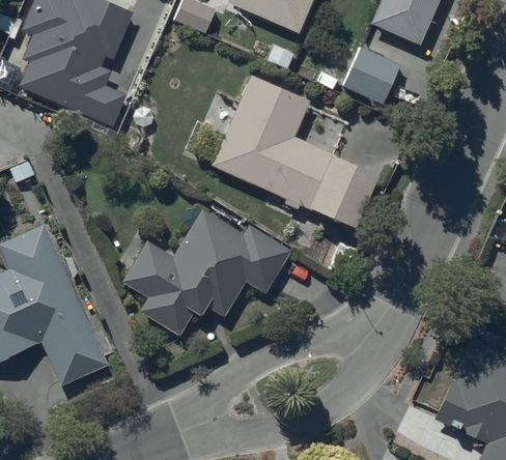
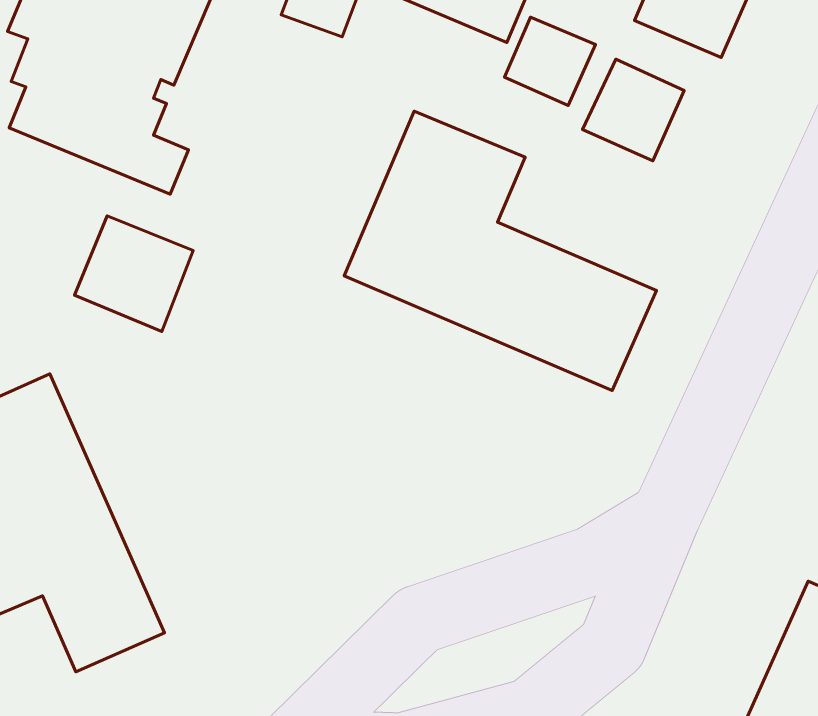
building: none -> [505,17,596,106]
building: none -> [74,216,193,331]
building: [121,207,292,333] -> none

